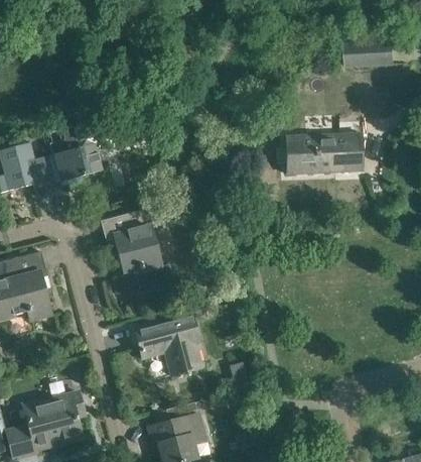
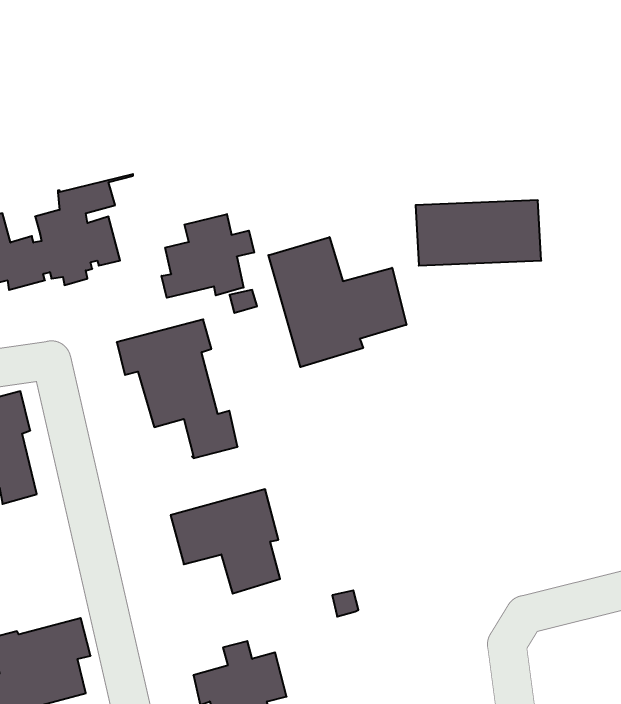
building: [344,41,392,66] -> none
building: none -> [162,214,254,298]
building: none -> [268,237,406,367]

